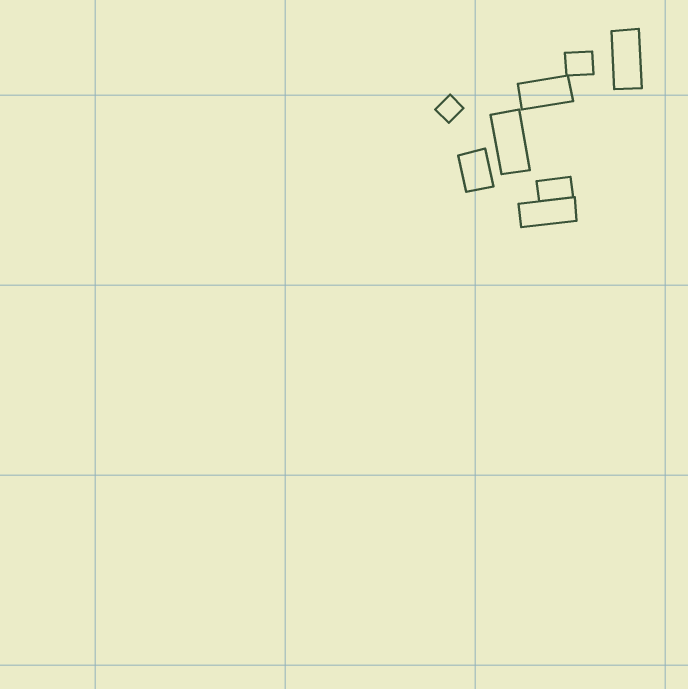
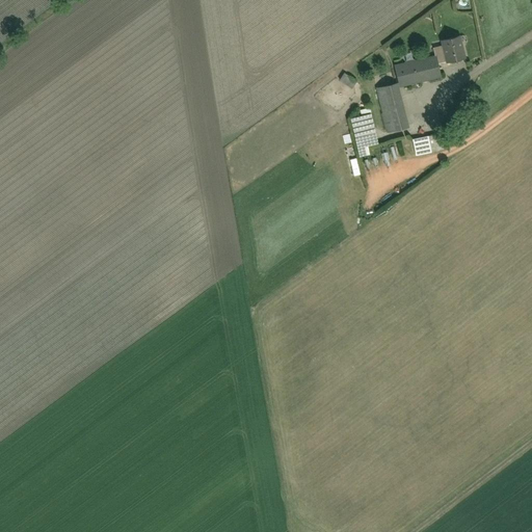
building: [612,29,642,89] -> none
building: [518,197,576,227] -> none

